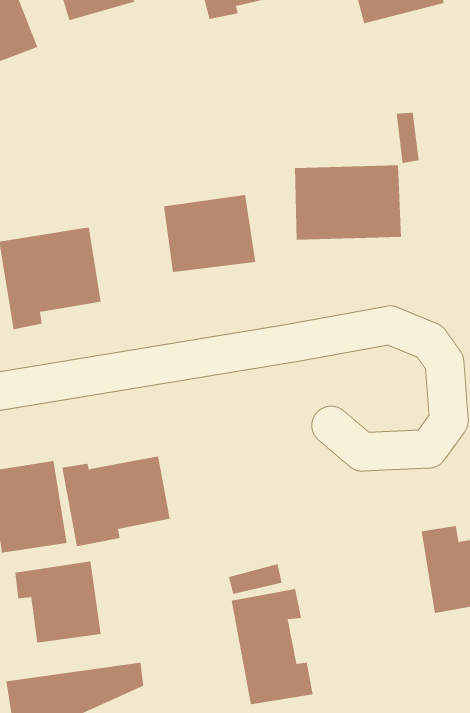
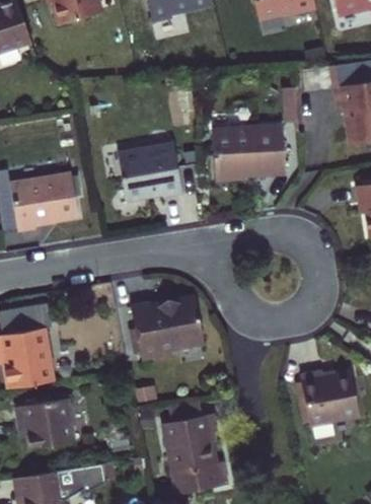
building: [62,456,171,547] -> [126,295,201,358]

